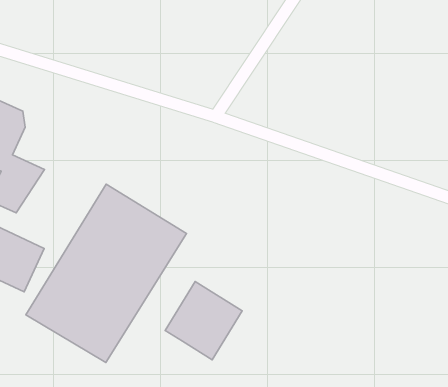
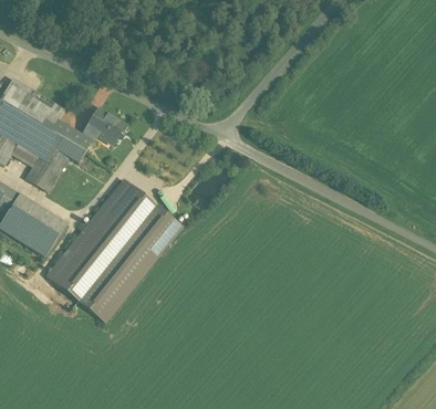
building: none -> [49,111,128,167]
building: [165,282,242,360] -> none

